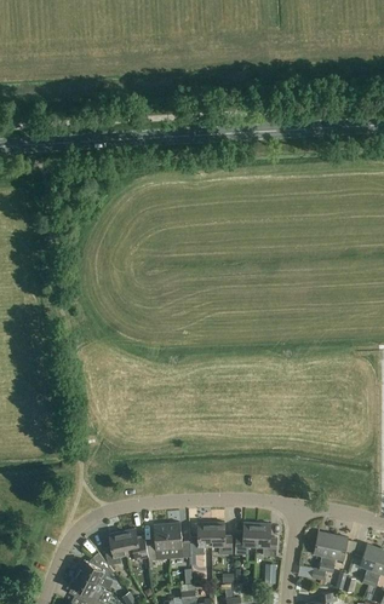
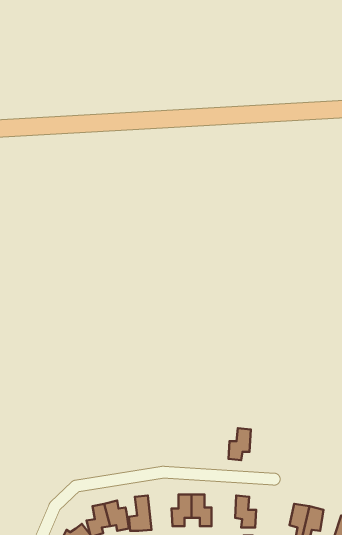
building: [167,523,191,559] -> none
building: [235,523,258,556] -> [228,428,251,460]

